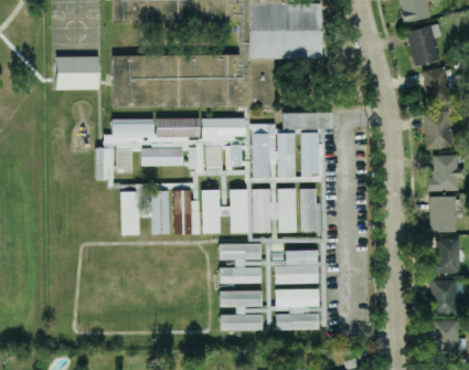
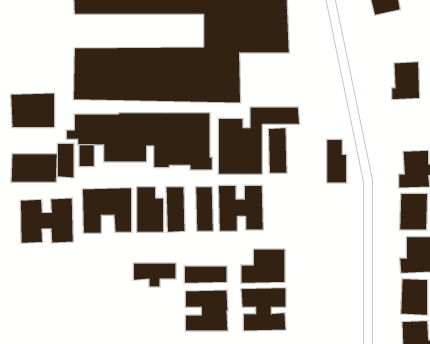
building: [405,23,441,66] -> none
building: [55,56,98,89] -> [11,93,55,127]
building: [425,113,451,148] -> none
building: none -> [11,153,57,183]
building: [301,189,321,231] -> [327,140,347,183]
building: none -> [20,198,73,243]
building: [220,244,262,267] -> [133,263,176,287]

